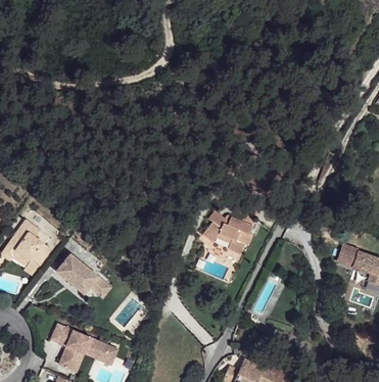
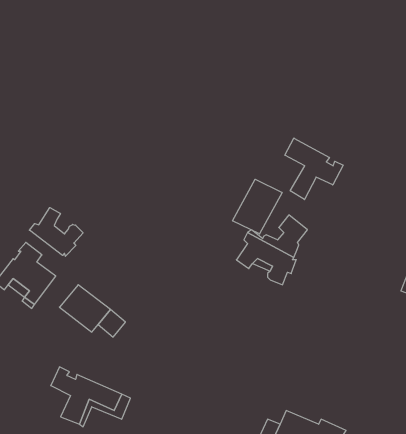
building: none -> [285,138,343,200]
building: none -> [233,179,282,234]
building: none -> [29,208,83,256]

